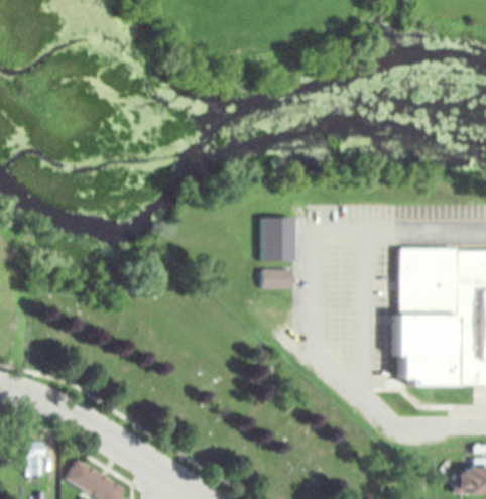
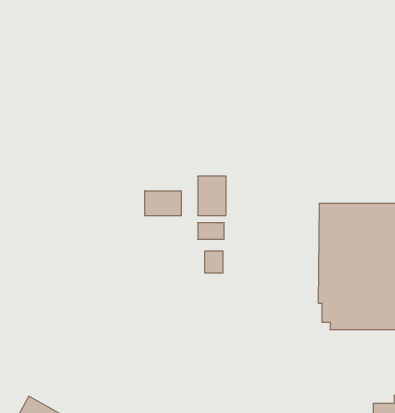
building: none -> [145,191,181,216]
building: none -> [205,251,223,273]

